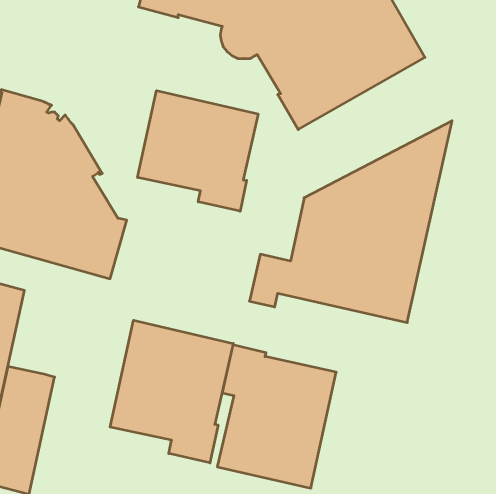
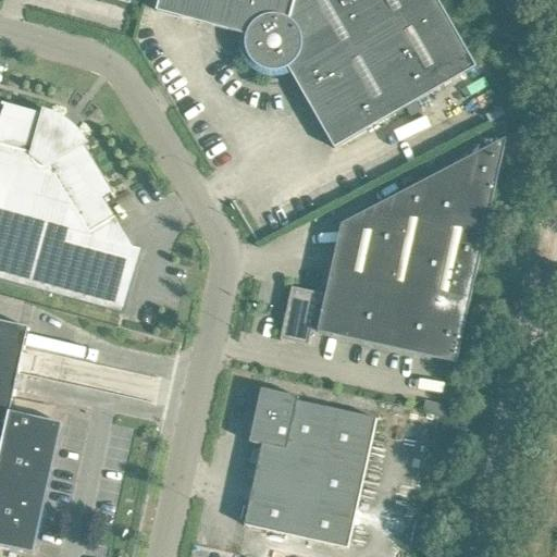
building: [138,91,258,211] -> none
building: [110,320,233,463] -> none

